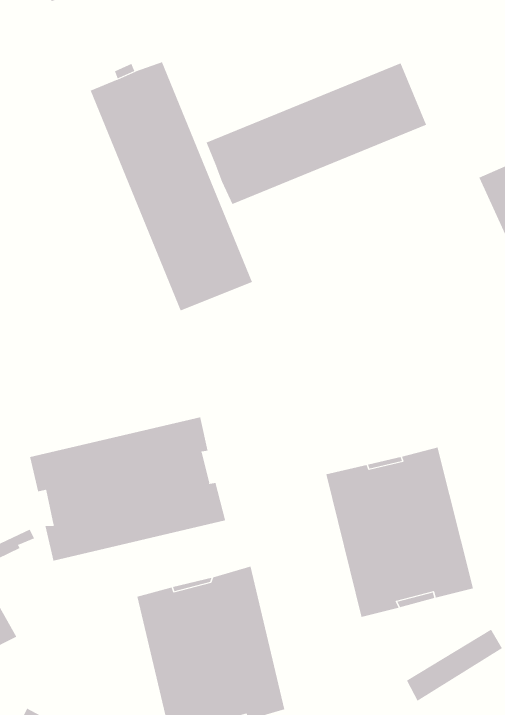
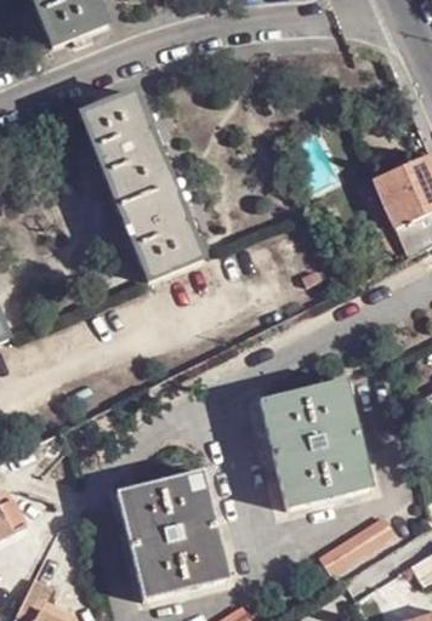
building: [206,63,427,205] -> none
building: [30,416,226,561] -> none

